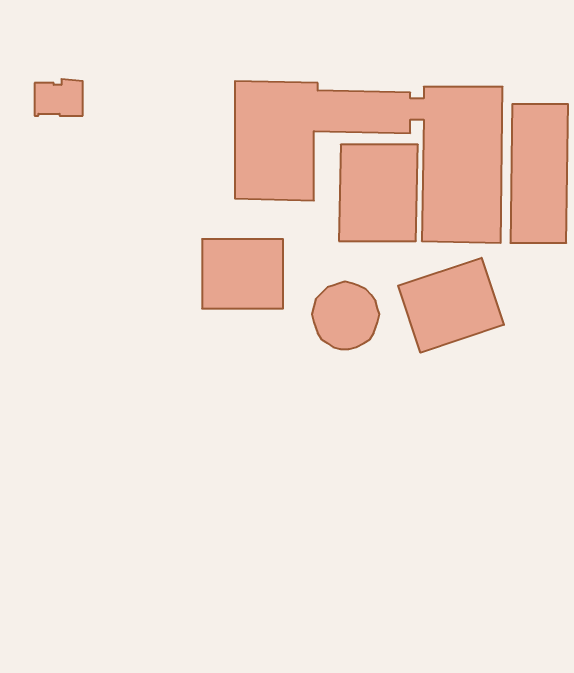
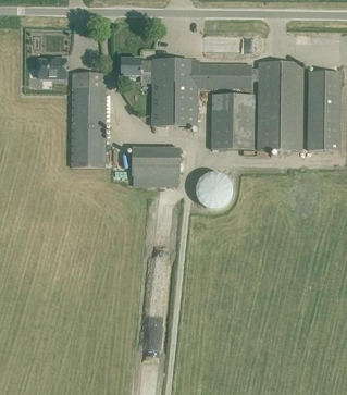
building: none -> [121,58,151,74]
building: none -> [71,72,104,166]
building: [398,258,504,353] -> none

